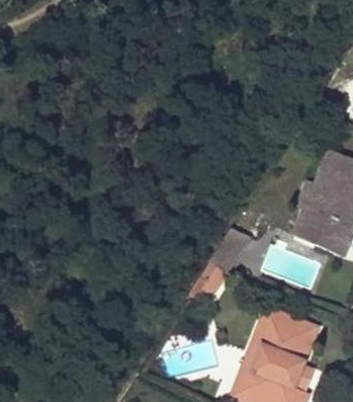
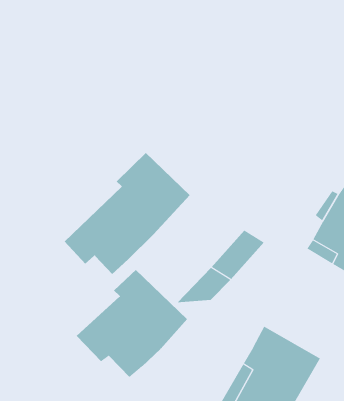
building: none -> [64,152,190,275]
building: none -> [76,269,188,378]

